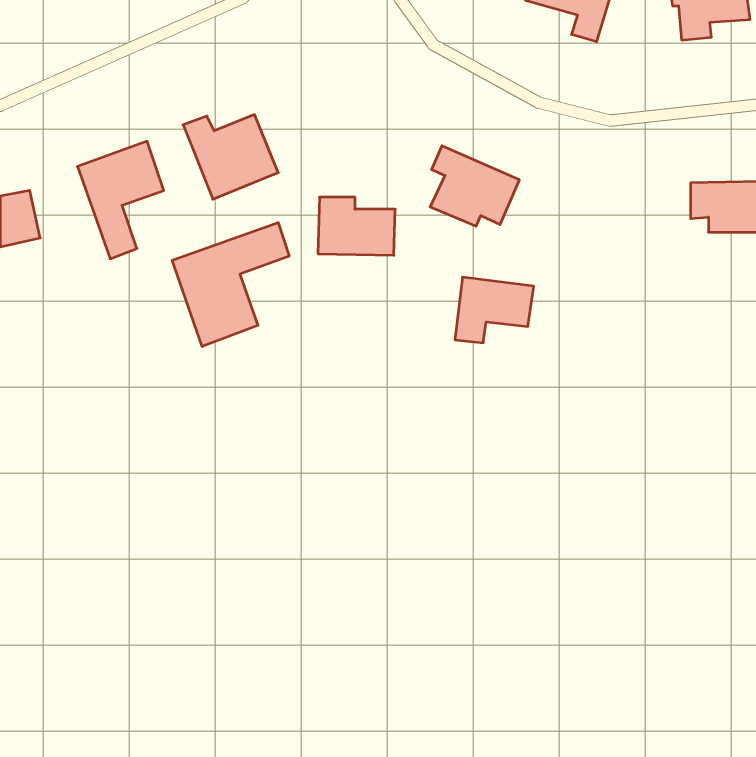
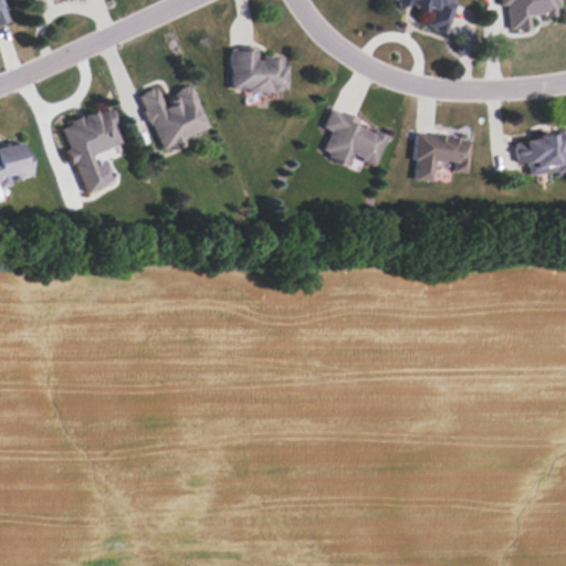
building: [318,197,395,255] -> [231,48,289,91]
building: [172,223,289,347] -> none
building: [455,277,534,343] -> [412,133,471,181]

